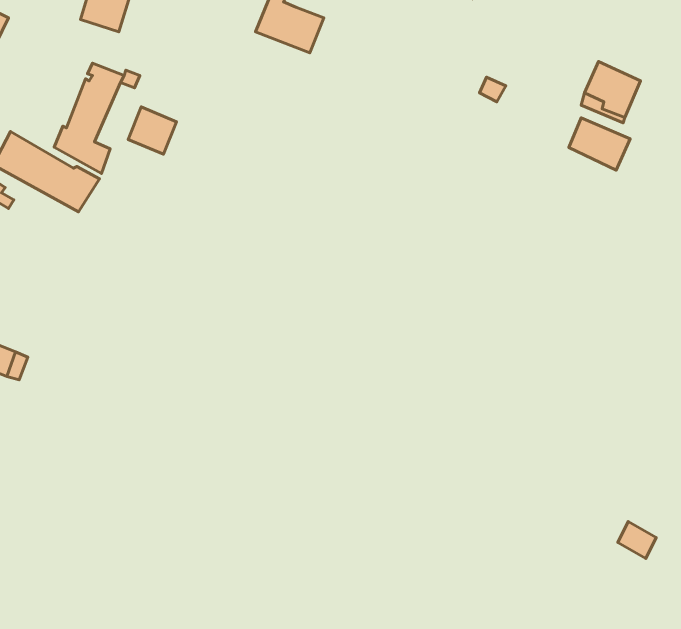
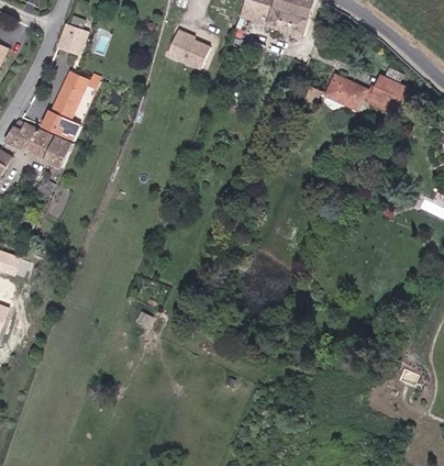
building: [128,107,177,154] -> none
building: [569,118,630,170] -> [330,75,368,108]

